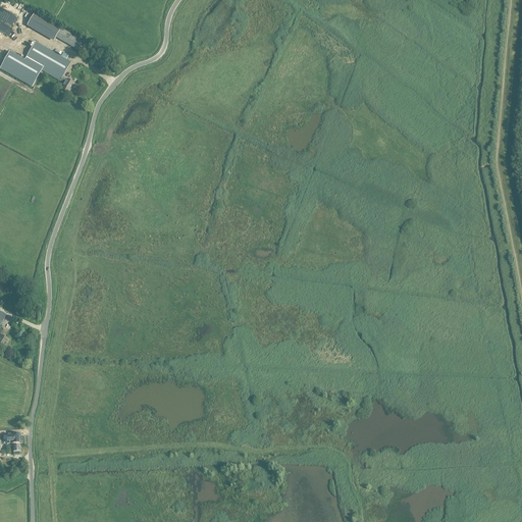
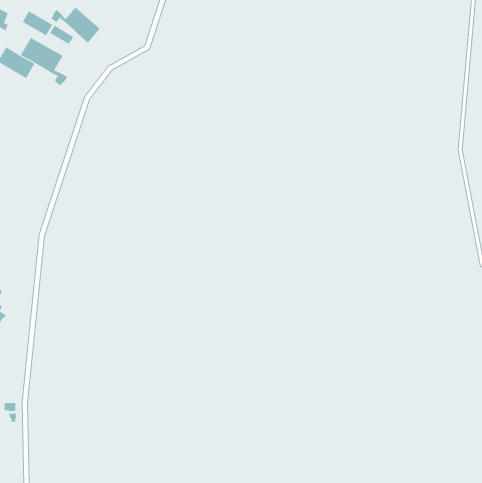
building: none -> [50,6,101,43]

